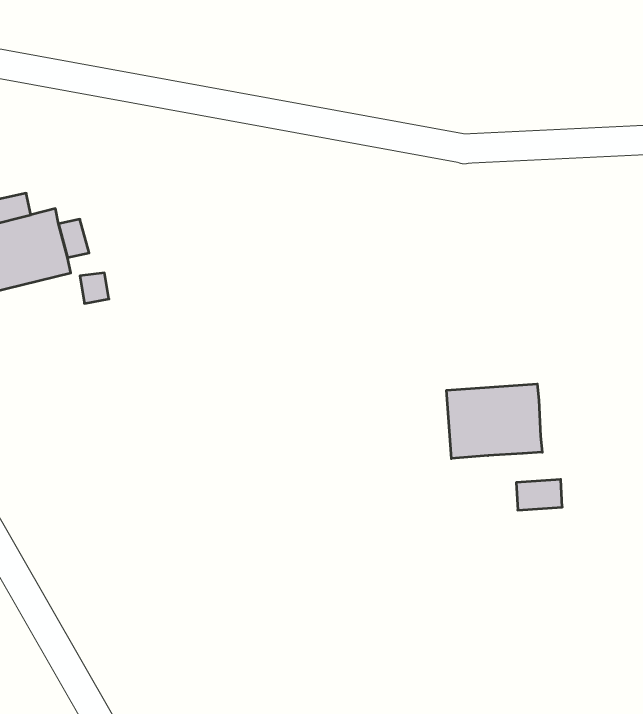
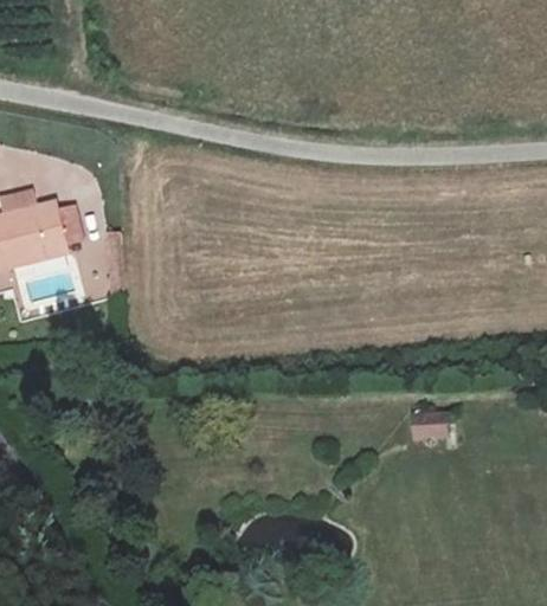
building: [447,384,542,459] -> none

